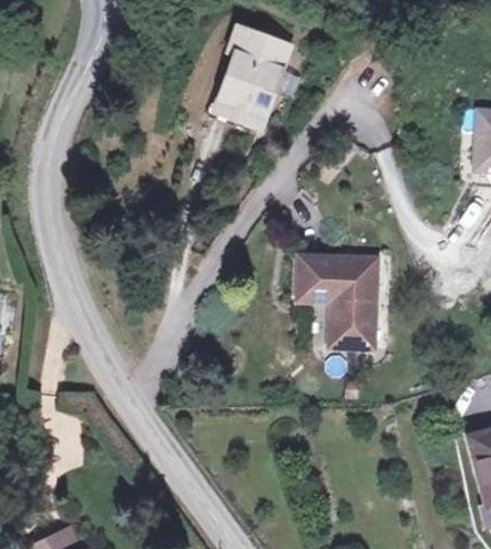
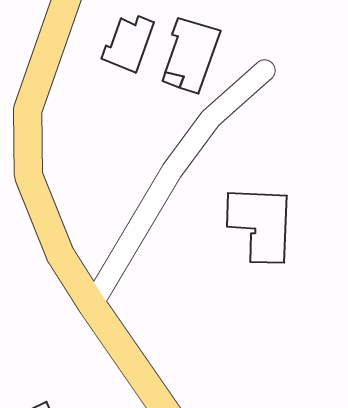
building: none -> [101,16,154,73]

